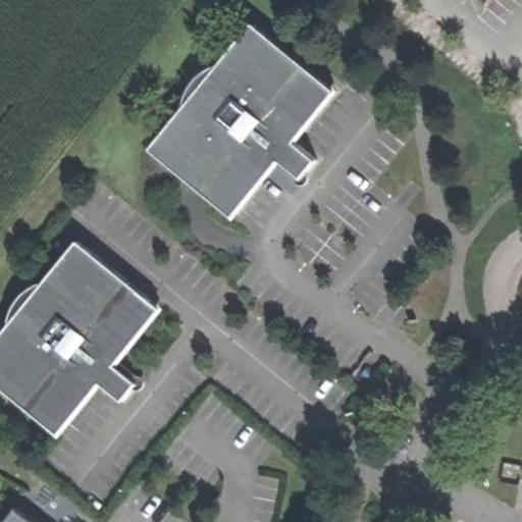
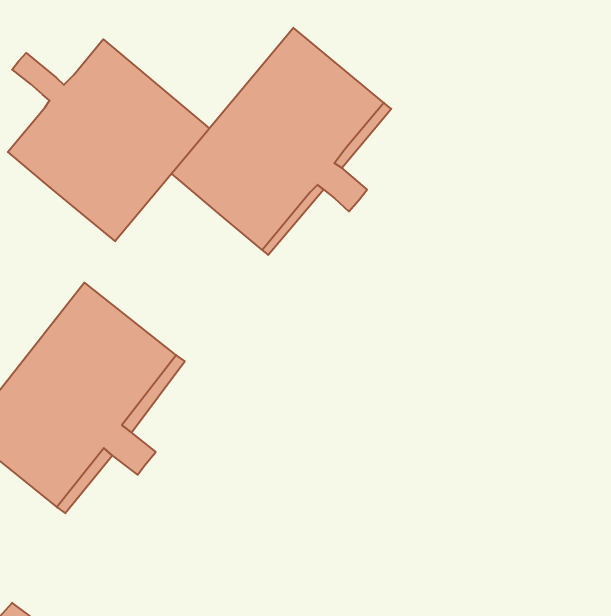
building: none -> [8,39,209,241]

